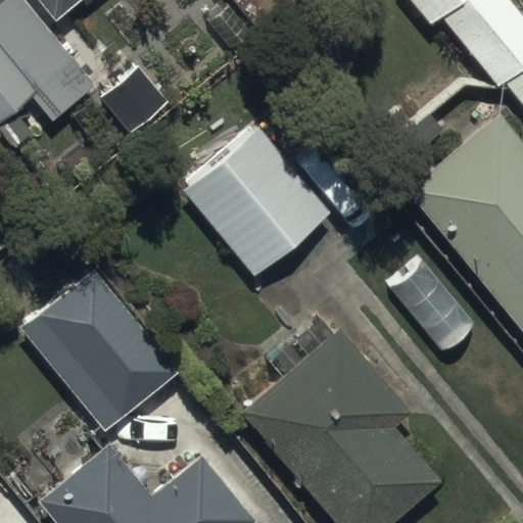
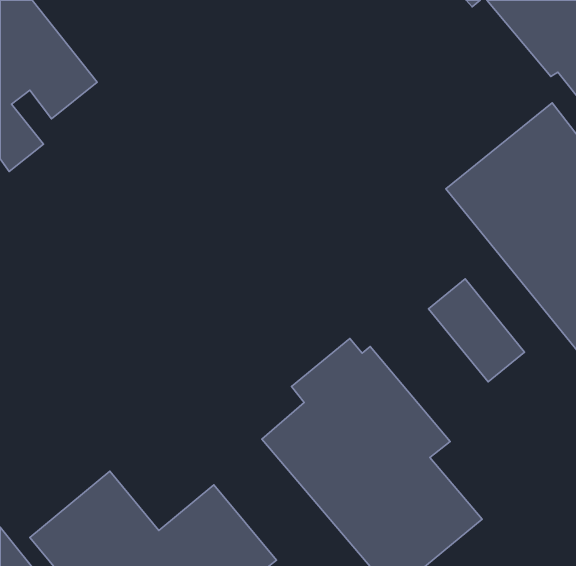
building: [182,127,330,277] -> none
building: [21,269,178,430] -> none

